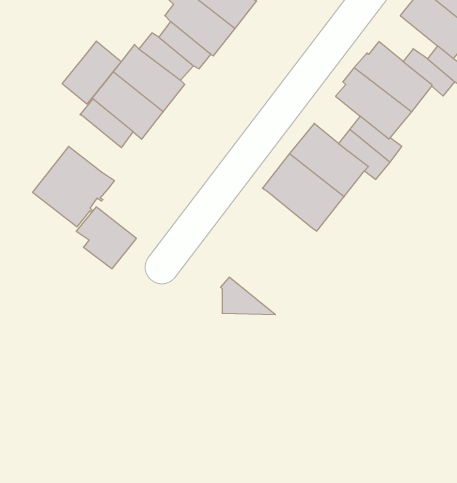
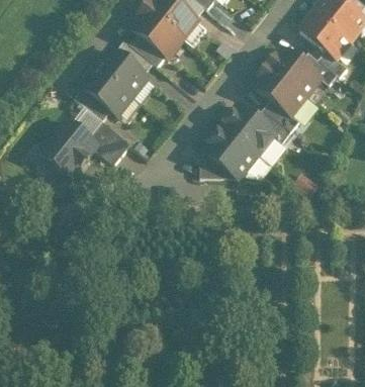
building: [62,41,121,104] -> none
building: [76,207,136,269] -> [89,121,131,165]
building: [221,277,275,315] -> [199,152,238,178]

